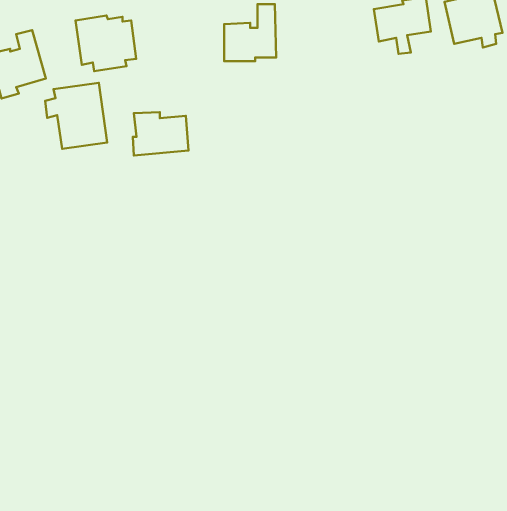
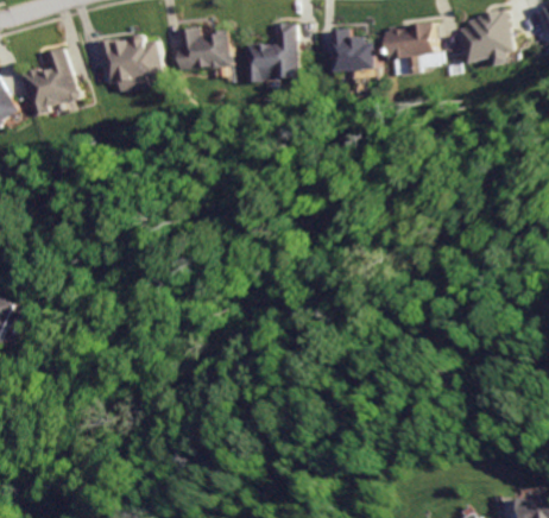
building: none -> [335,29,385,71]
building: [45,83,107,149] -> none
building: [133,112,188,155] -> [176,27,229,69]

